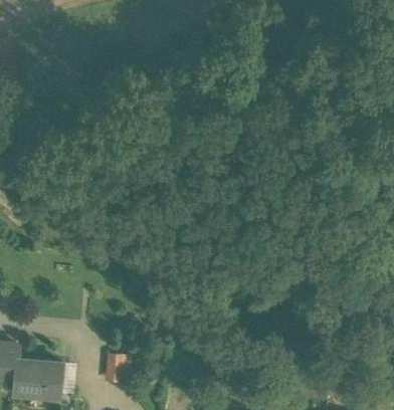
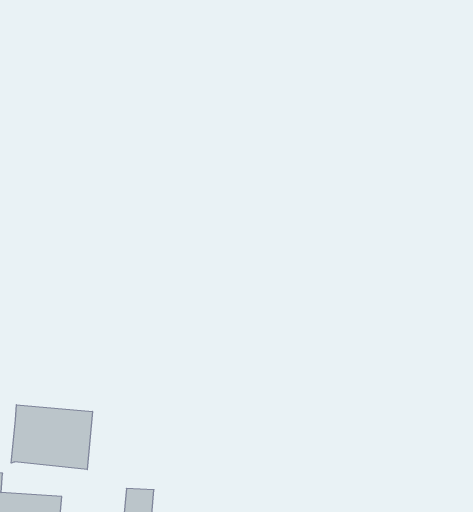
building: none -> [11,405,92,470]

